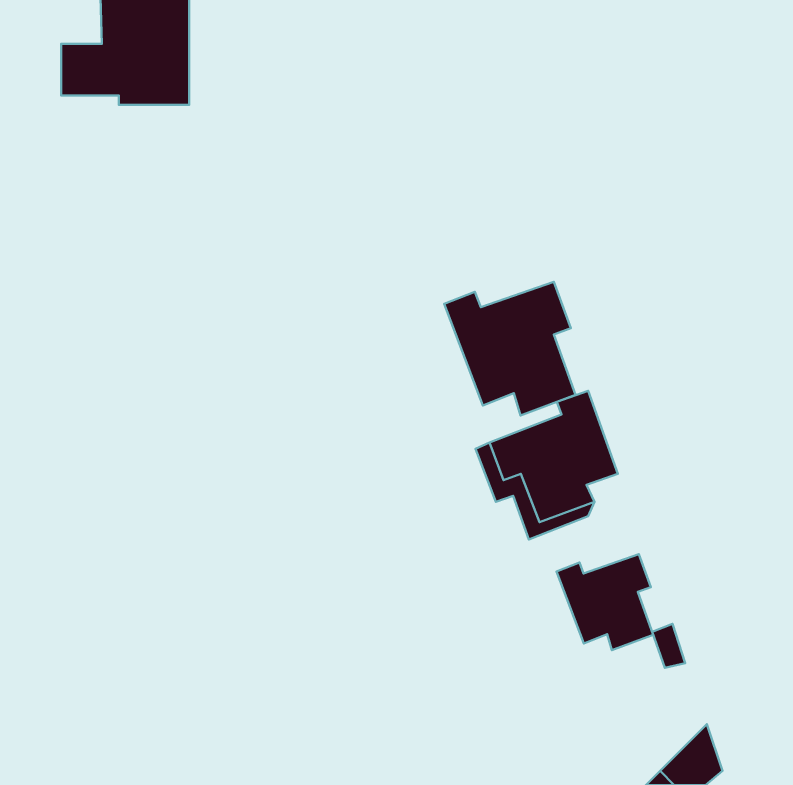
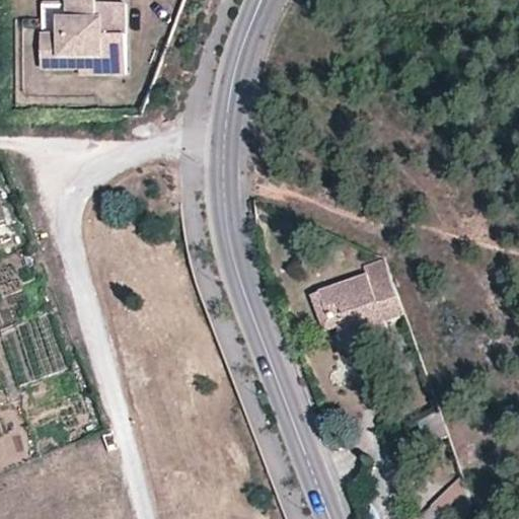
building: [444,282,575,415] -> none
building: [556,554,653,650] -> none

